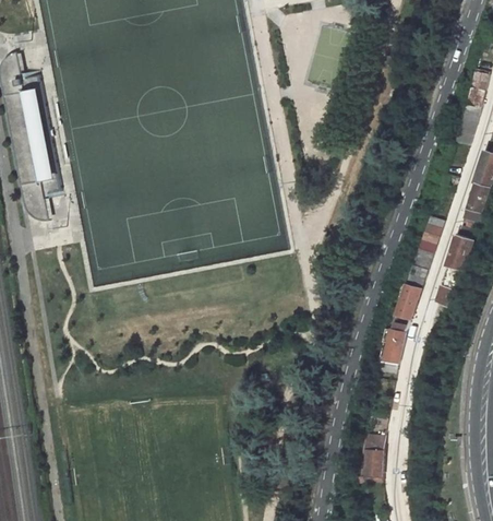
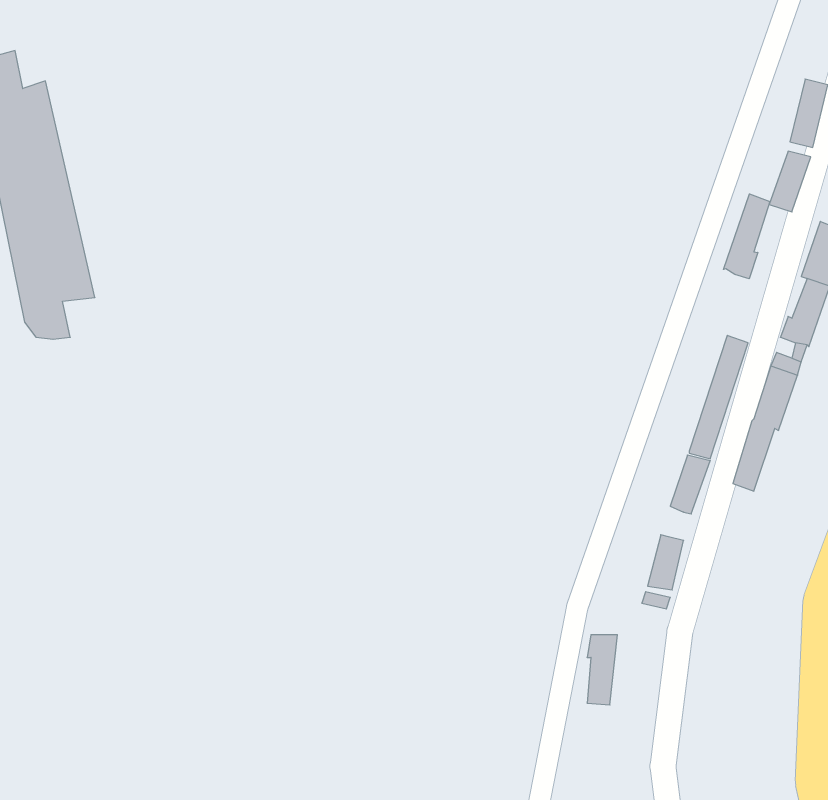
building: none -> [723,194,770,279]
building: [368,436,385,476] -> [587,635,617,705]

